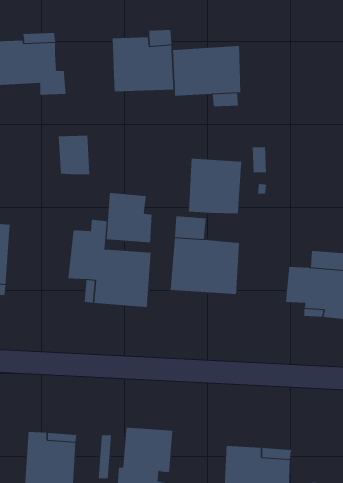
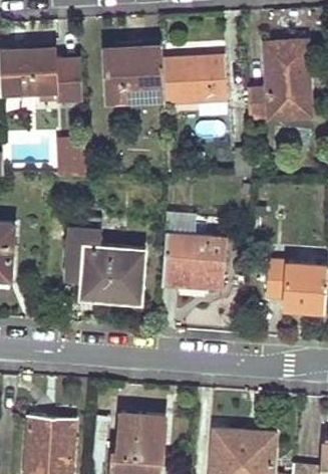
building: none -> [247,42,311,121]
building: none -> [54,63,82,102]
building: [188,158,242,214] -> none
building: [106,192,152,243] -> none

